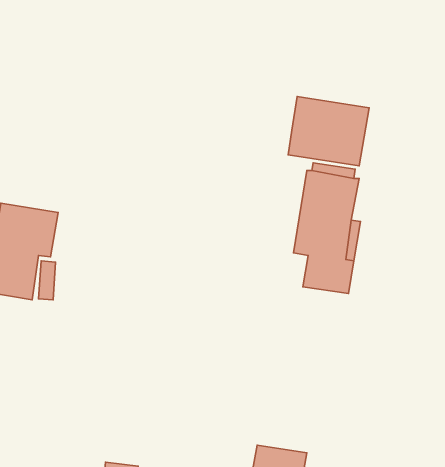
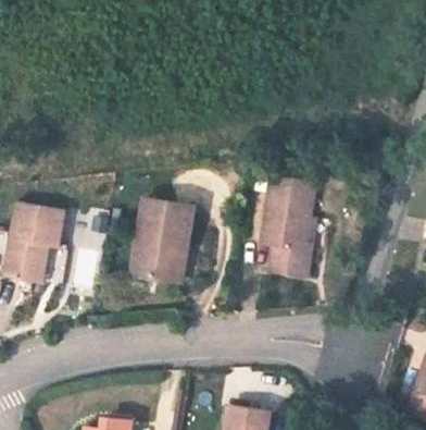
building: [288,97,369,166] -> none
building: none -> [130,198,193,281]

